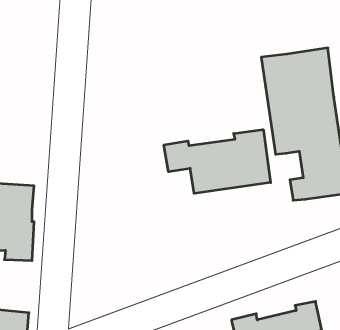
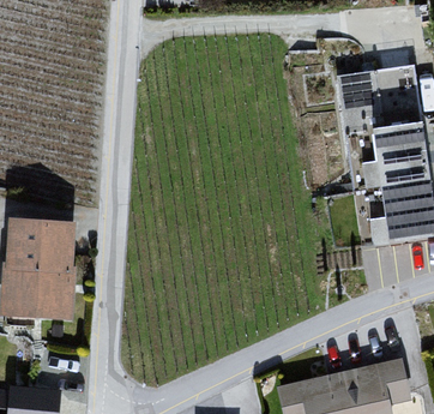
building: [164,130,271,193] -> none

